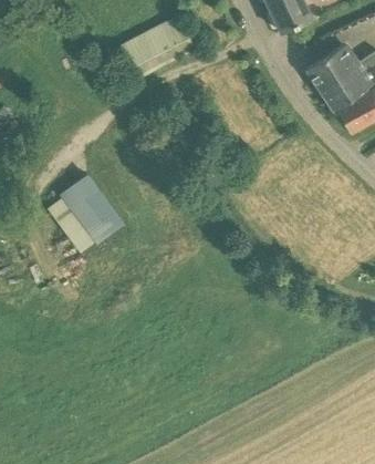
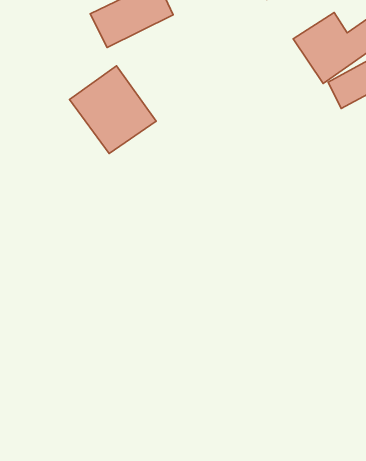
building: [44,172,124,252] -> [70,66,156,154]

